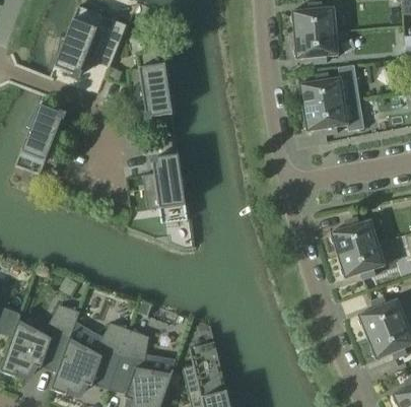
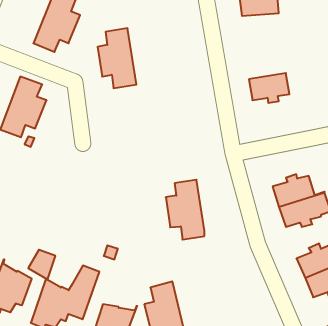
building: [295,31,340,63] -> none
building: [300,73,346,108] -> none
building: [143,154,188,223] -> [166,180,204,240]
building: [122,330,150,360] -> none

